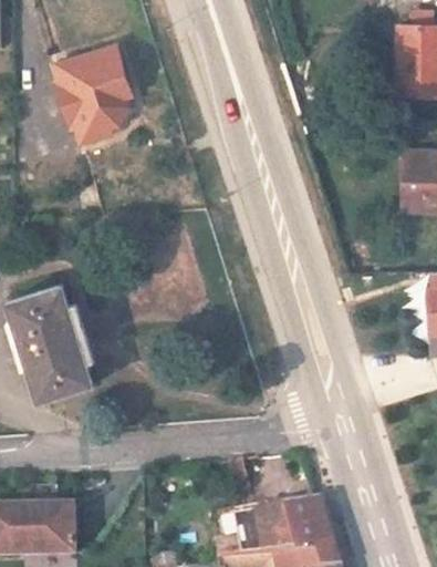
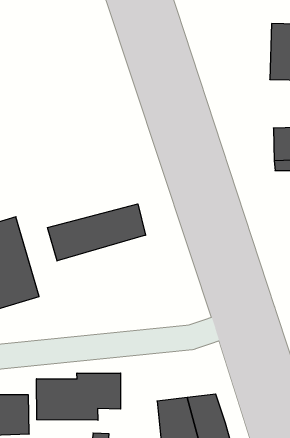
building: [56,45,133,138] -> none
building: none -> [47,204,146,261]
building: none -> [37,373,121,420]

